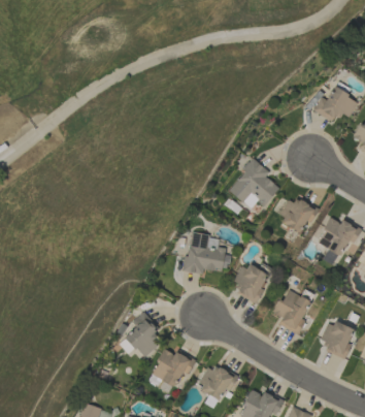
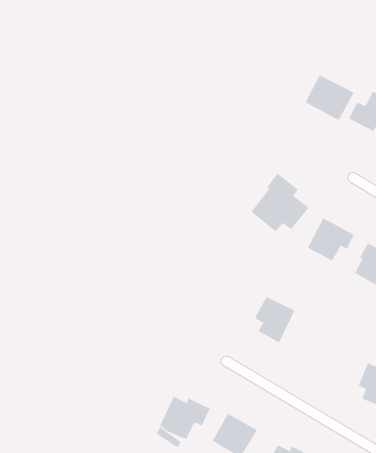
building: none -> [305,75,354,121]
building: [186,233,229,275] -> none
building: [274,289,311,334] -> none
building: [120,315,164,357] -> none

